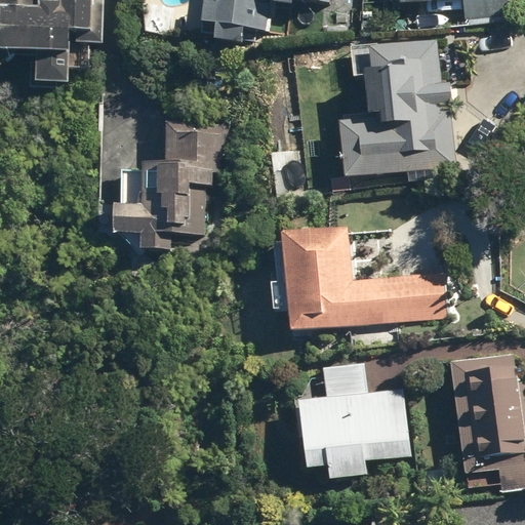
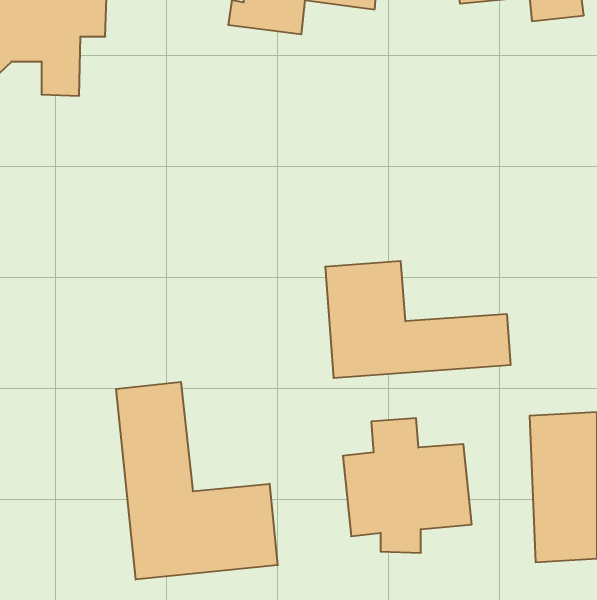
building: [340,39,453,174] -> none
building: [113,122,227,248] -> none
building: none -> [116,382,278,580]

